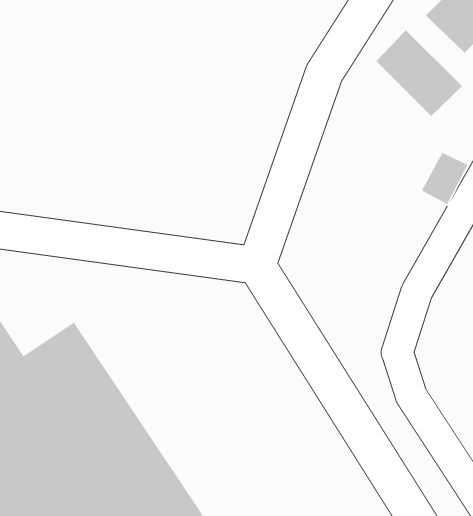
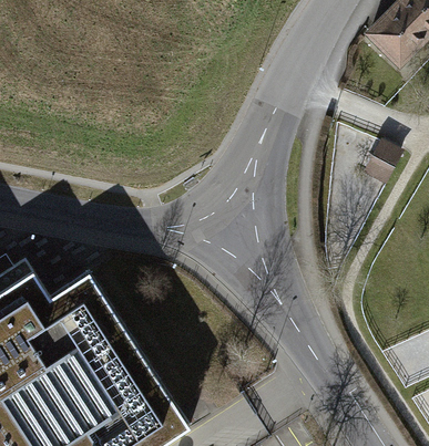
building: [375,29,463,117] -> none

